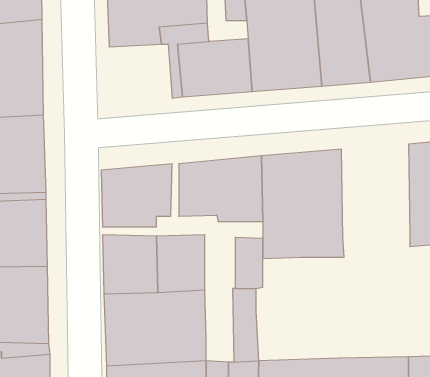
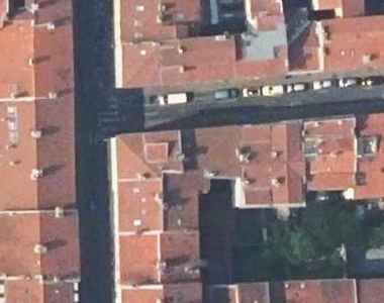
building: none -> [121,41,170,88]
building: none -> [300,118,353,190]
building: none -> [116,133,205,189]

